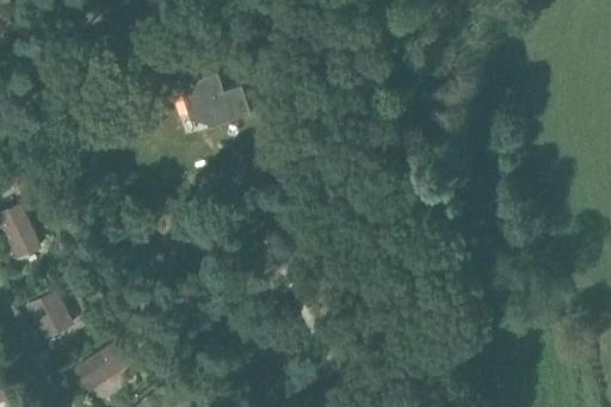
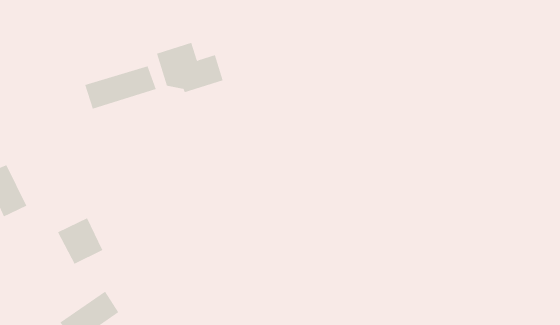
building: none -> [85,66,156,110]
building: [23,289,72,339] -> [57,218,103,265]

